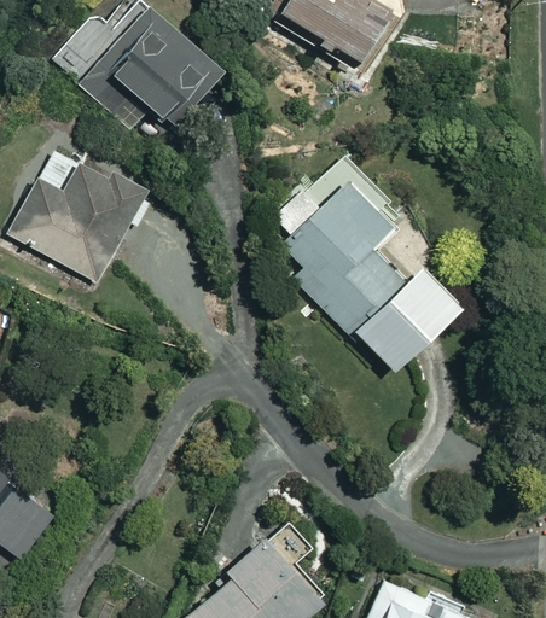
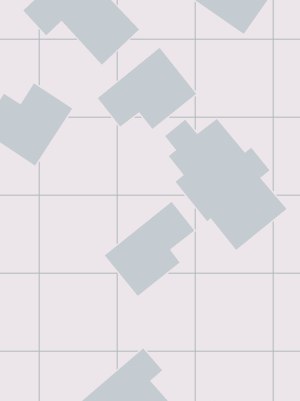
building: none -> [97,47,197,130]
building: none -> [104,201,195,297]

